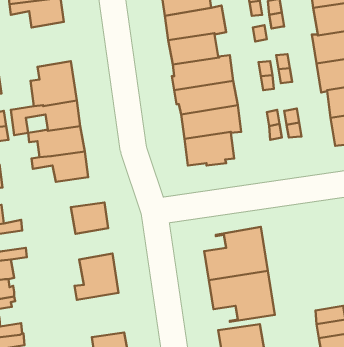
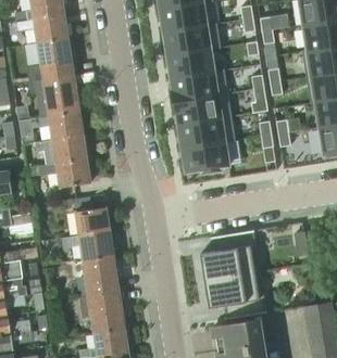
building: none -> [24,37,75,81]
building: none -> [63,230,114,259]
building: none -> [80,291,125,332]

